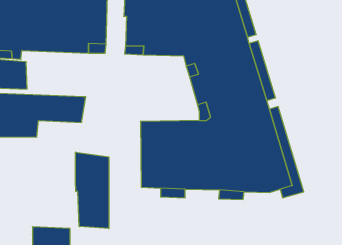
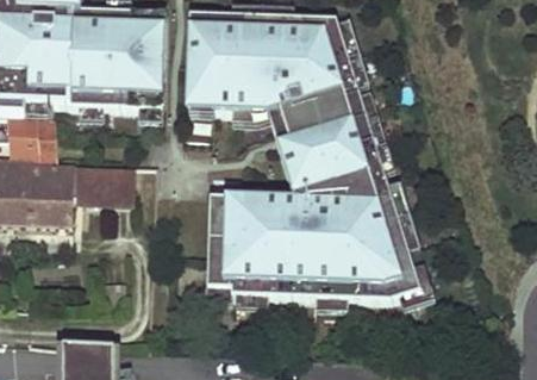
building: [75,152,109,229] -> none

